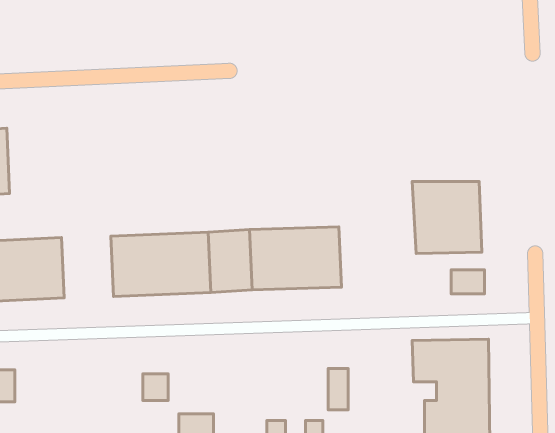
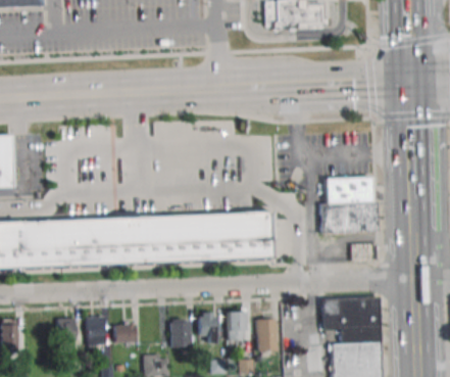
building: none -> [54,218,94,265]
building: none -> [229,310,247,341]
building: none -> [200,312,218,343]
building: none -> [88,317,105,346]
building: none -> [59,318,77,345]
building: none -> [171,320,192,346]

